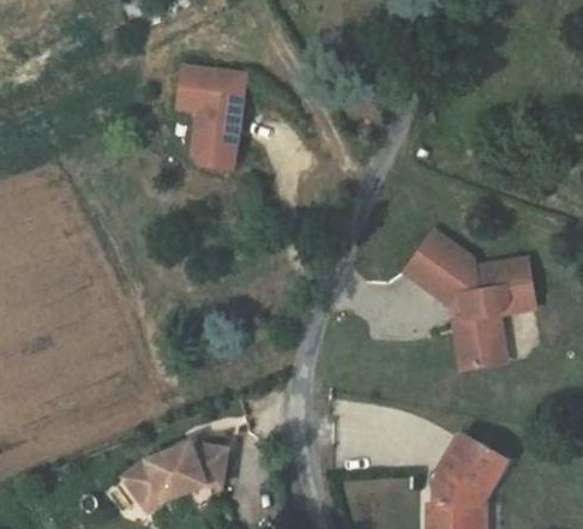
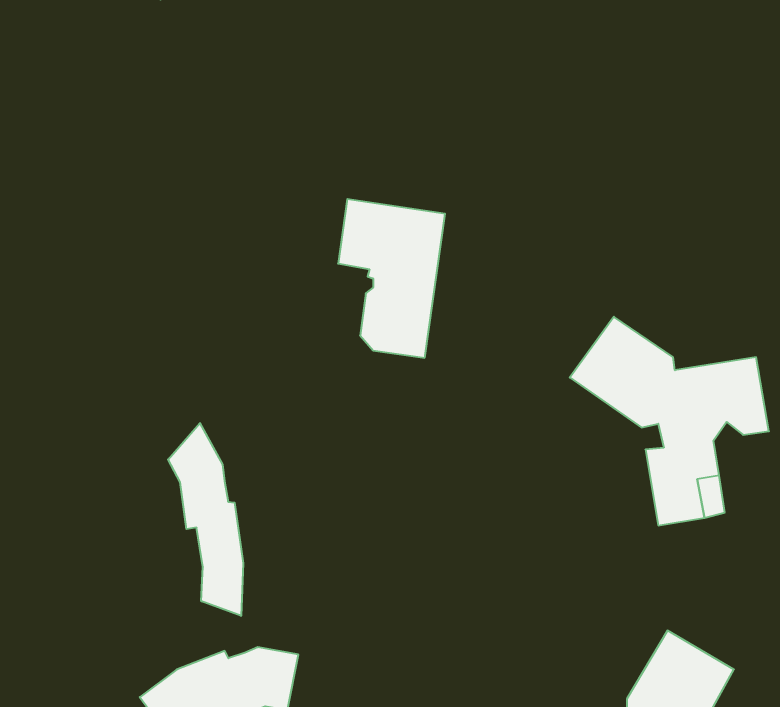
building: [179,67,248,170] -> [338,199,445,358]
building: none -> [168,423,243,616]

